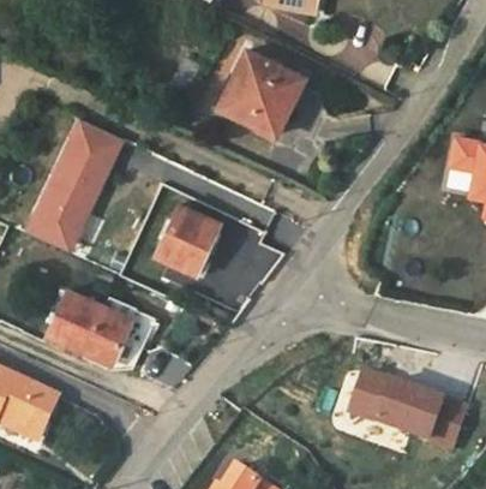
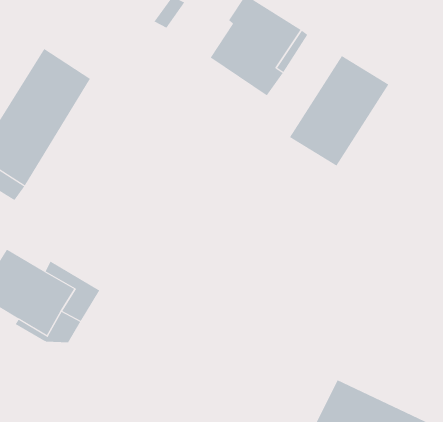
building: none -> [289,55,389,167]
building: [156,207,218,276] -> none

